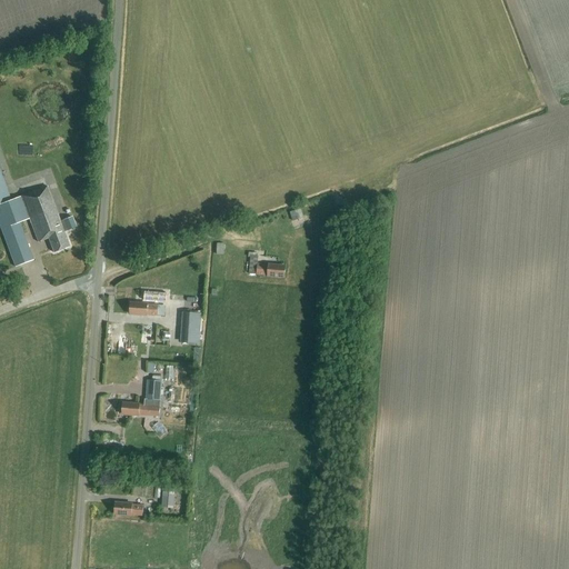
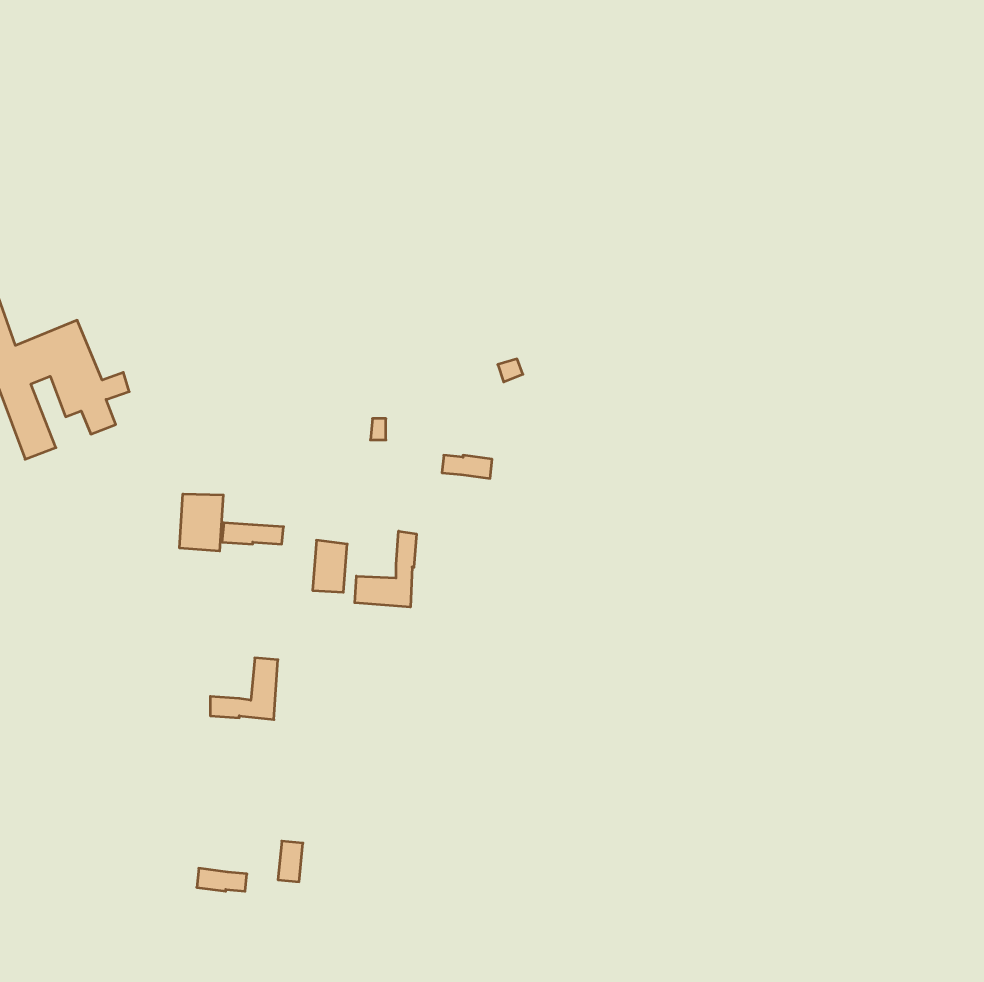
building: none -> [180,494,223,551]
building: none -> [355,531,416,607]

